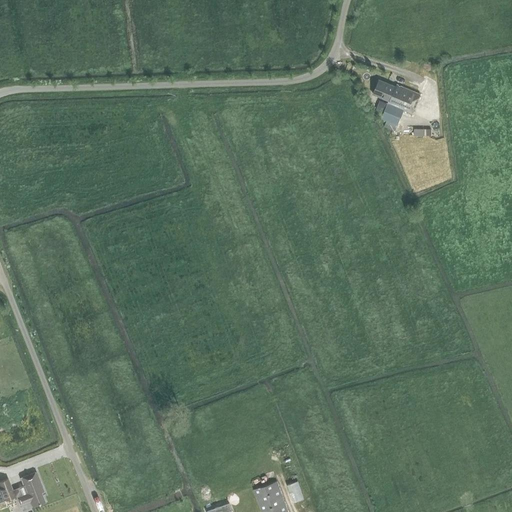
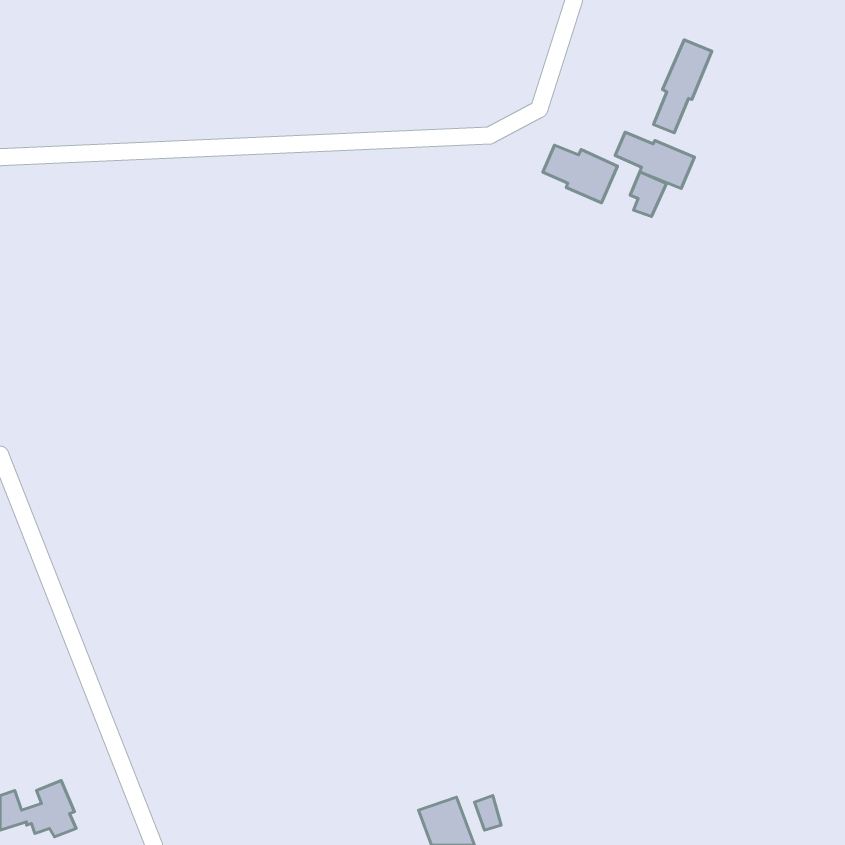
building: none -> [654,40,712,133]
building: none -> [543,145,618,203]

